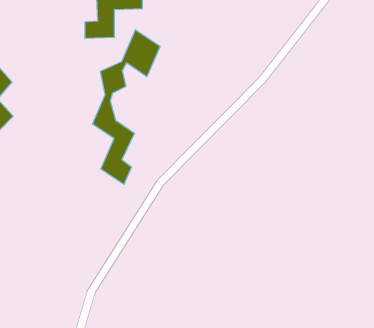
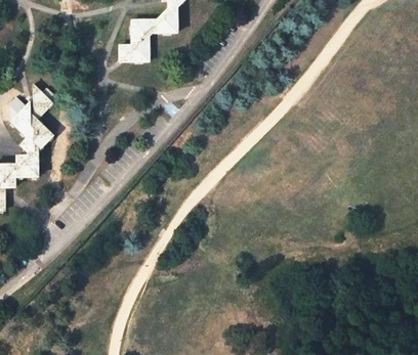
building: [93,30,160,185] -> none

